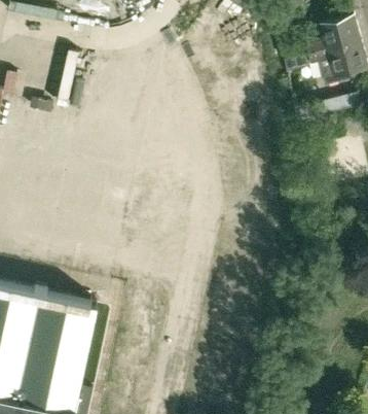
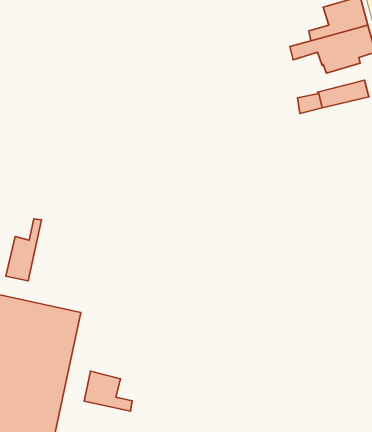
building: none -> [6,219,41,281]
building: none -> [84,371,132,411]

